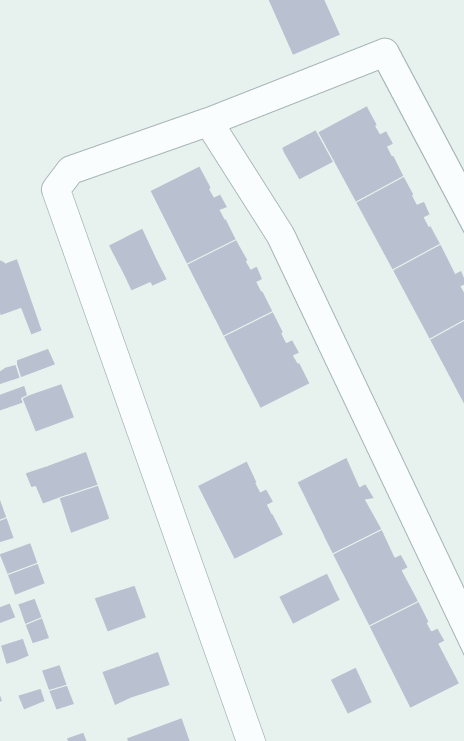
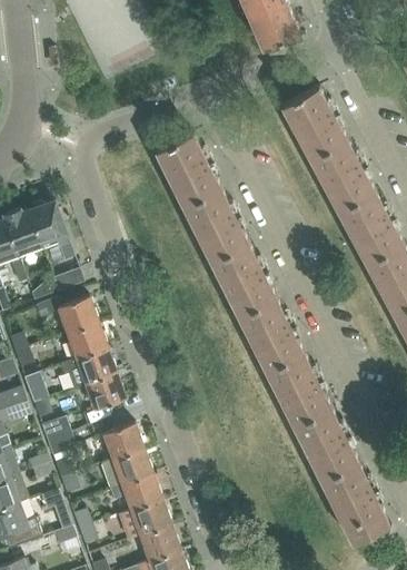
building: [281,129,334,180] -> none
building: [108,228,168,291] -> none
building: none -> [68,323,107,360]
building: [197,461,284,559] -> [238,297,304,372]
building: none -> [103,423,143,460]
building: [278,573,340,624] -> none
building: none -> [122,474,161,511]
building: [330,667,372,715] -> none
building: none -> [140,525,179,561]

